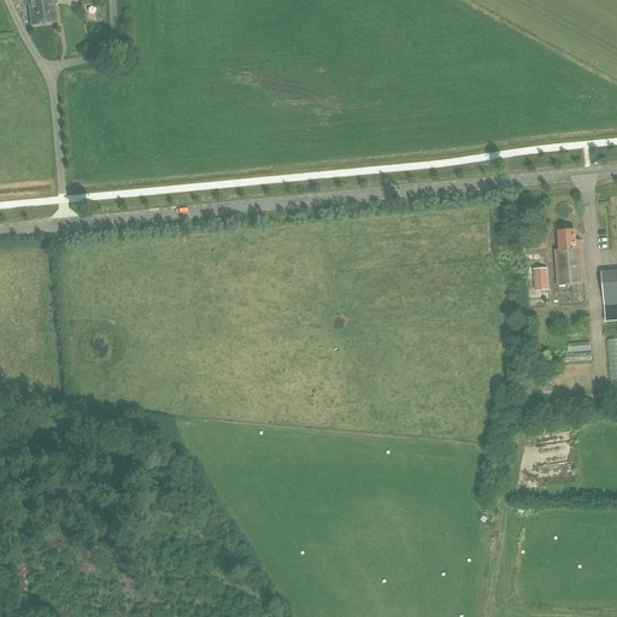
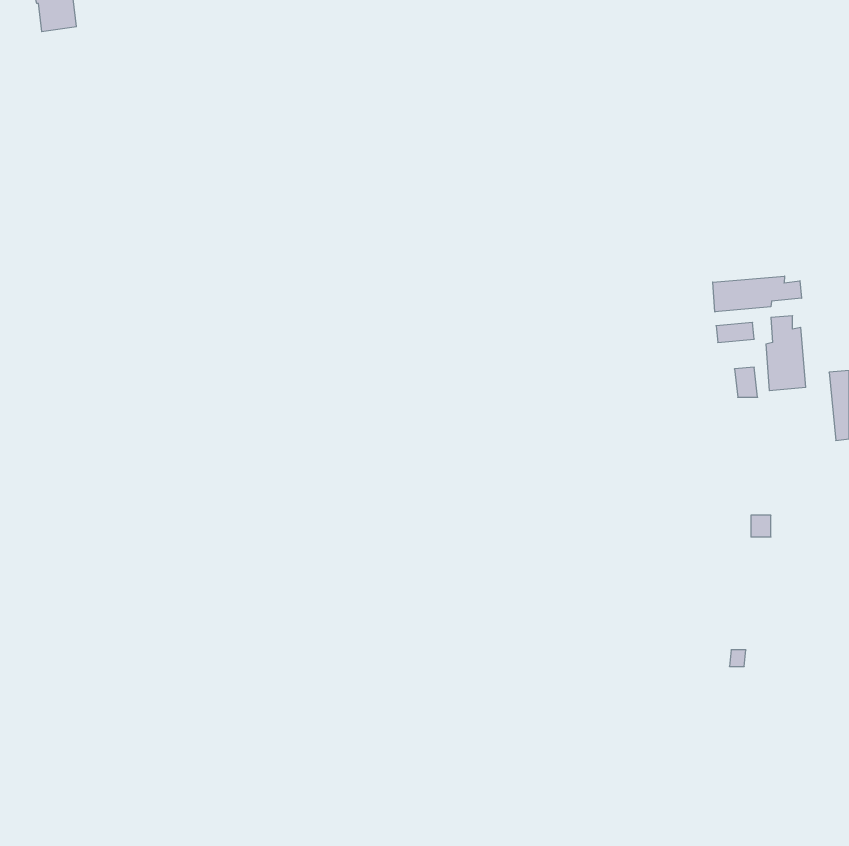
building: none -> [713,276,802,312]

